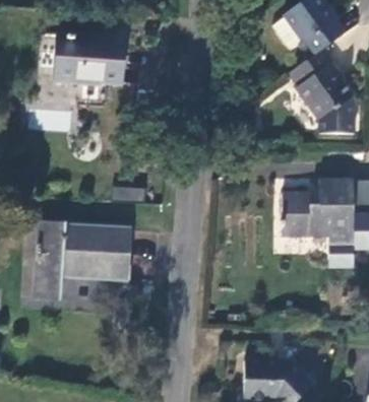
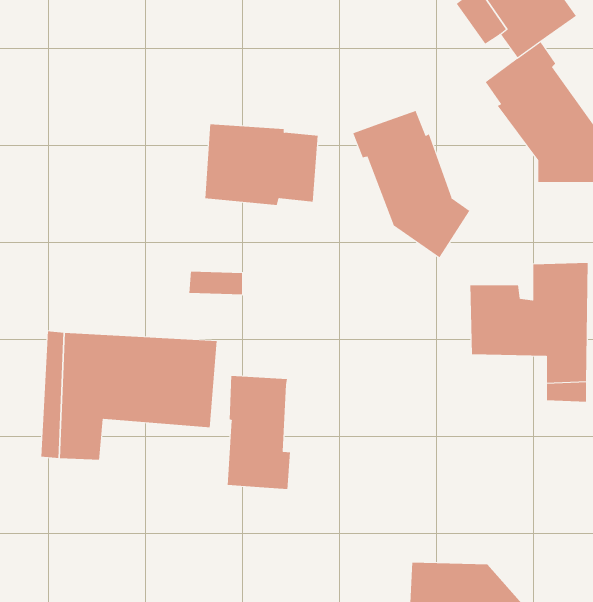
building: [58,34,126,82] -> [204,124,318,205]
building: none -> [352,110,470,258]
building: none -> [227,375,290,490]

